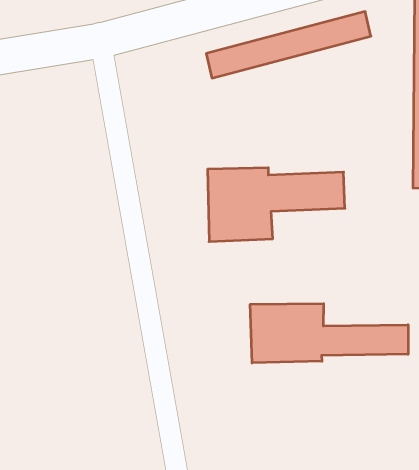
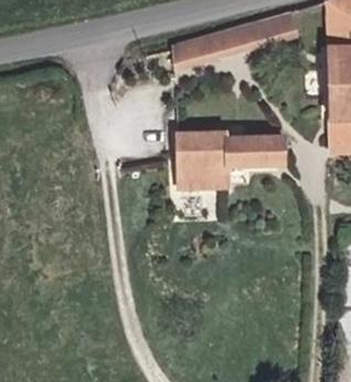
building: [250,304,408,363] -> none

